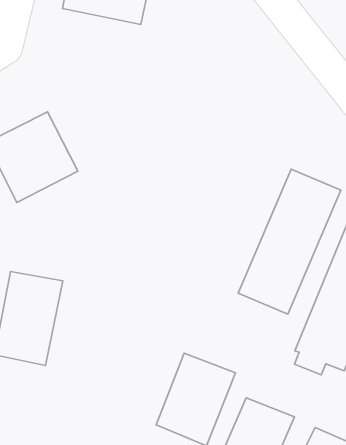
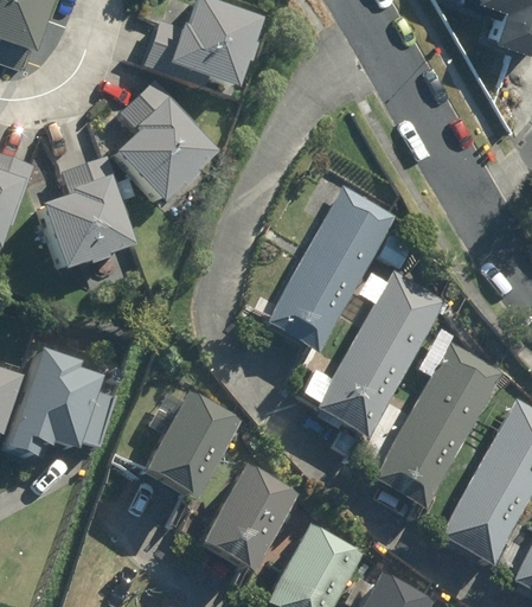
building: none -> [109,87,219,198]
building: none -> [262,185,412,354]
building: none -> [139,394,238,507]

